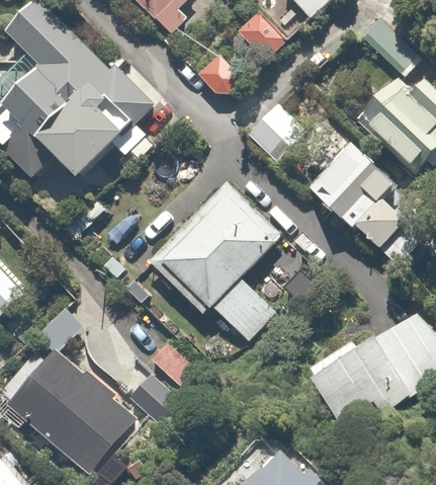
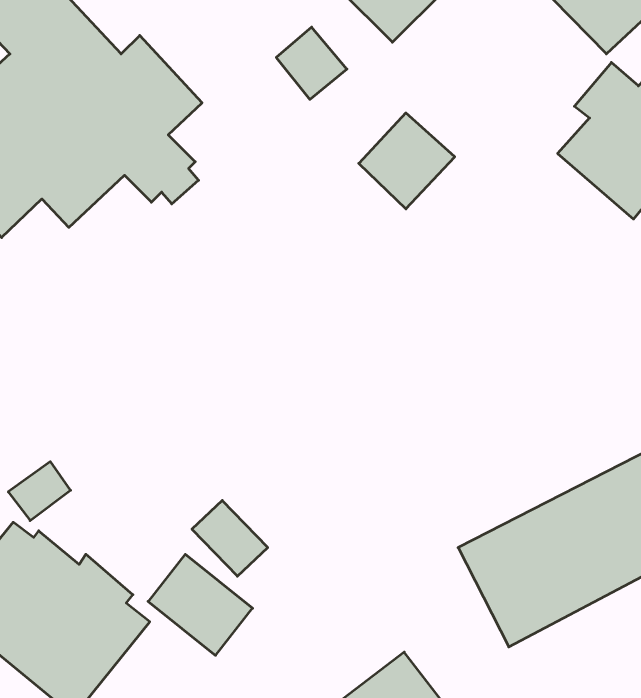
building: [311,144,401,244] -> none
building: [149,179,284,348] -> none

